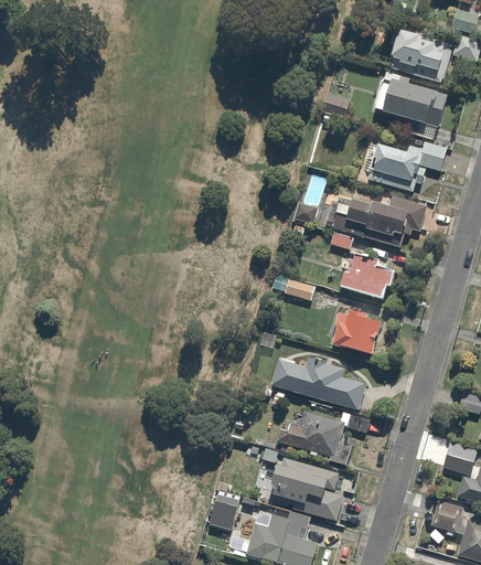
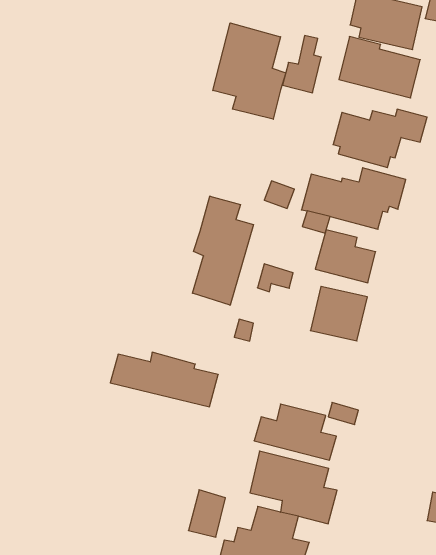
building: none -> [213,23,286,119]
building: none -> [192,196,253,305]
building: [269,358,371,412] -> [110,352,218,407]

